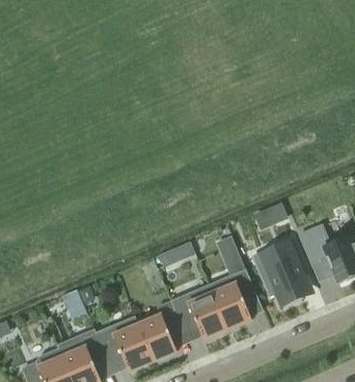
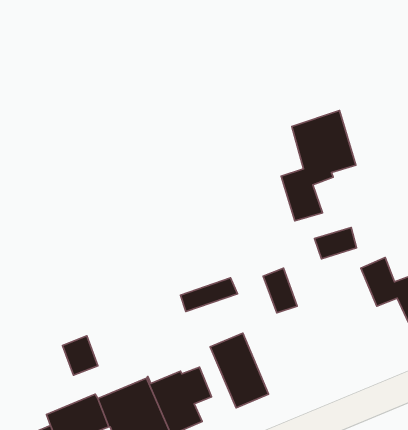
building: none -> [281,111,356,221]
building: [257,240,306,306] -> none
building: [208,267,254,329] -> none

